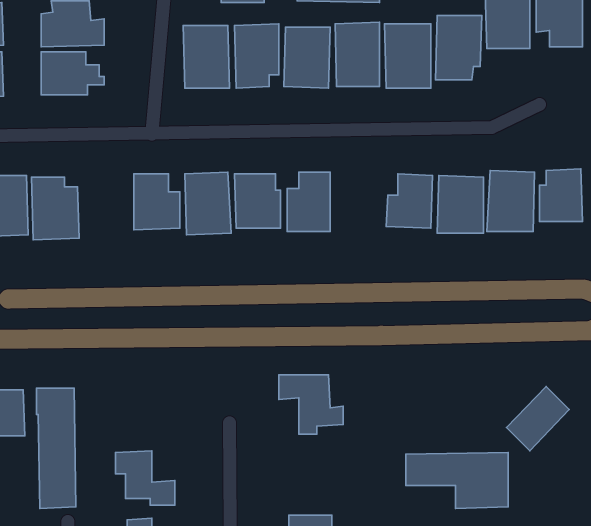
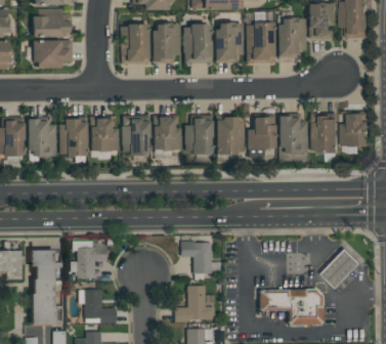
building: none -> [216,117,243,154]
building: none -> [59,120,87,157]
building: none -> [72,241,106,278]
building: none -> [174,285,215,320]

